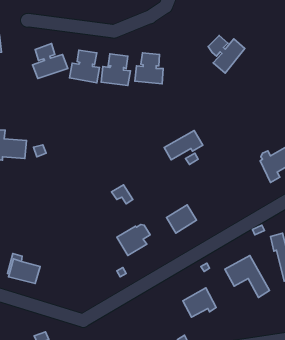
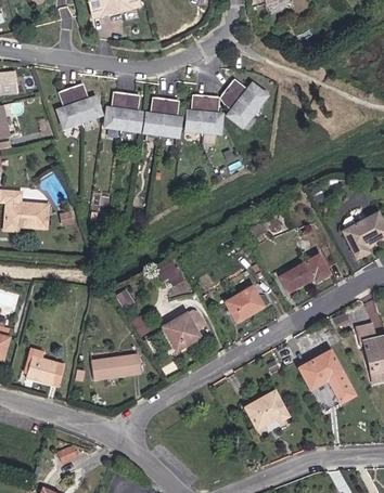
building: [208,35,245,73] -> [219,79,266,127]
building: [164,131,203,160] -> [281,255,330,291]
building: none -> [91,353,142,379]

